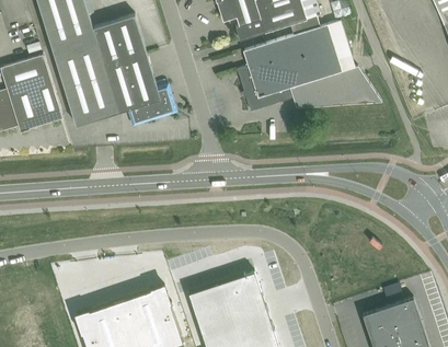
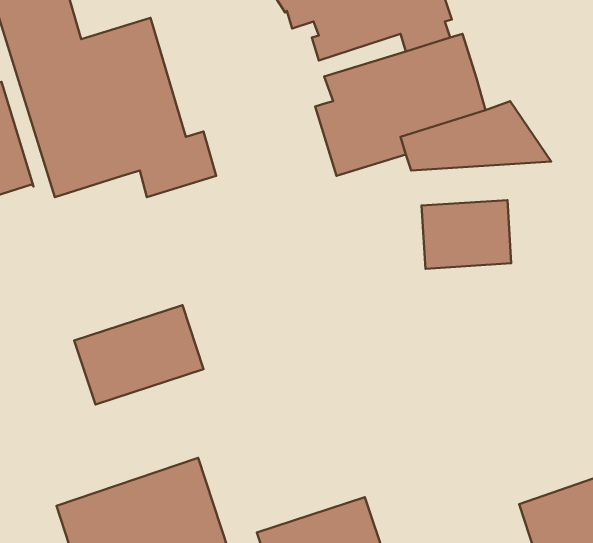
building: none -> [422,200,511,269]
building: [187,271,267,333] -> [74,305,204,405]

